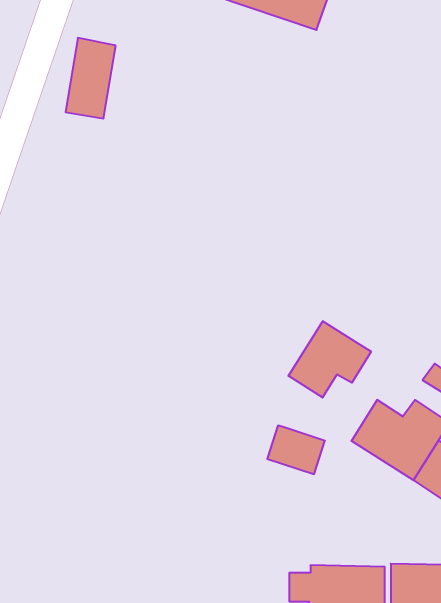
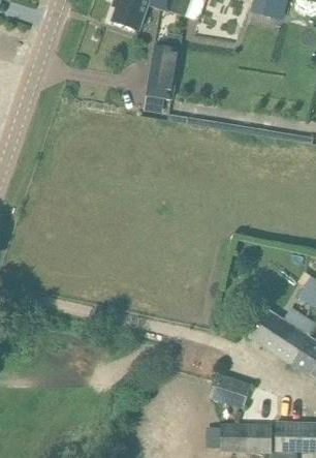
building: [66,38,116,118] -> [146,43,180,98]
building: [288,321,371,398] -> none
building: [267,426,325,474] -> [211,374,250,407]

